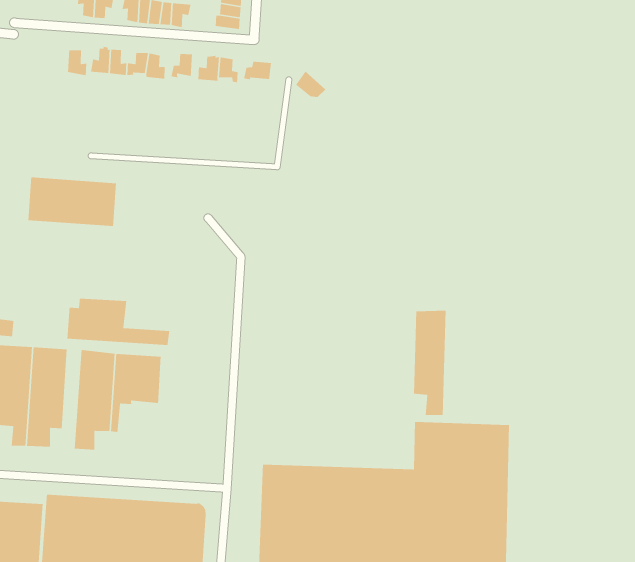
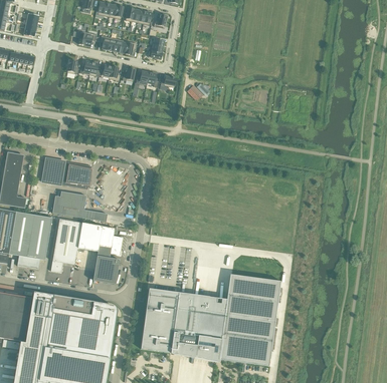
building: [28,177,117,227] -> [41,157,90,188]
building: [413,310,446,416] -> none
building: none -> [91,226,122,283]

